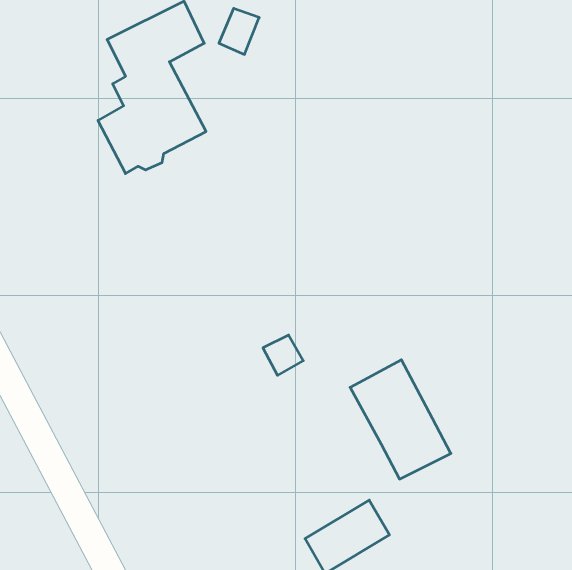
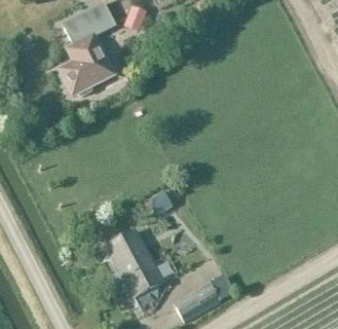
building: [350,360,451,479] -> [108,230,164,297]

